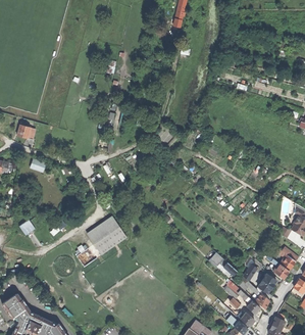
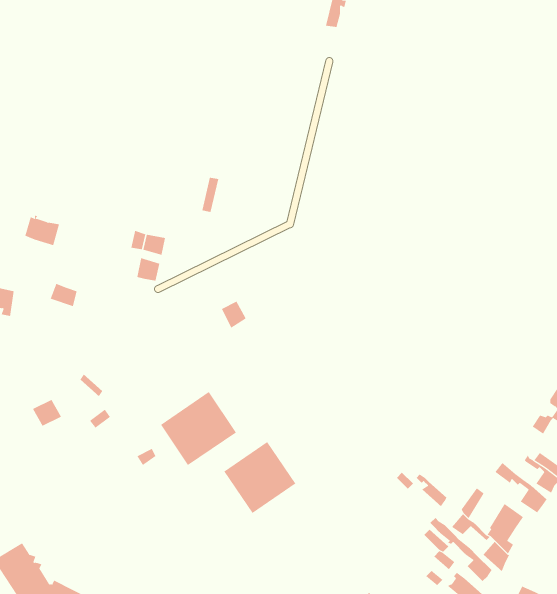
building: none -> [224,441,296,514]

